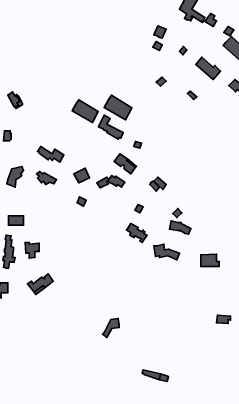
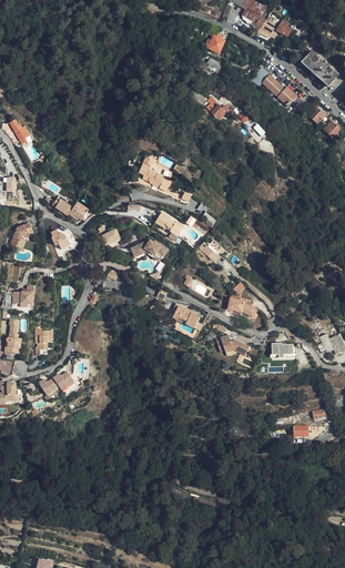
building: [104,95,132,120] -> none
building: [72,100,98,122] -> none

